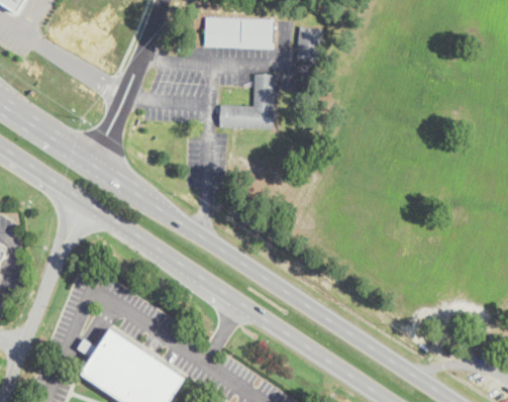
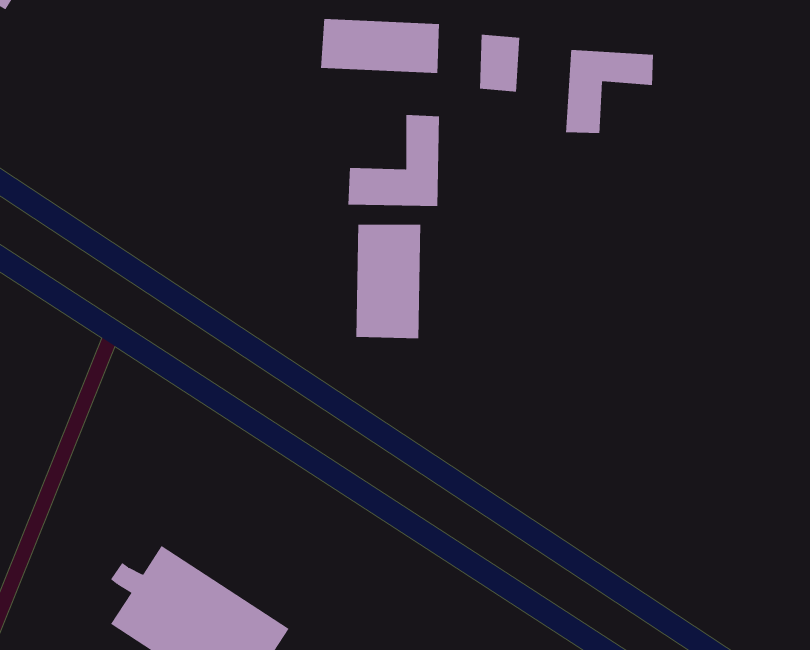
building: none -> [566,49,654,134]
building: none -> [356,224,421,339]

